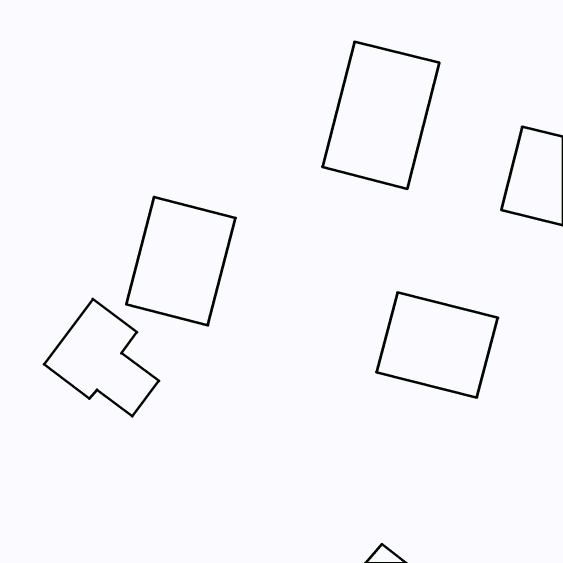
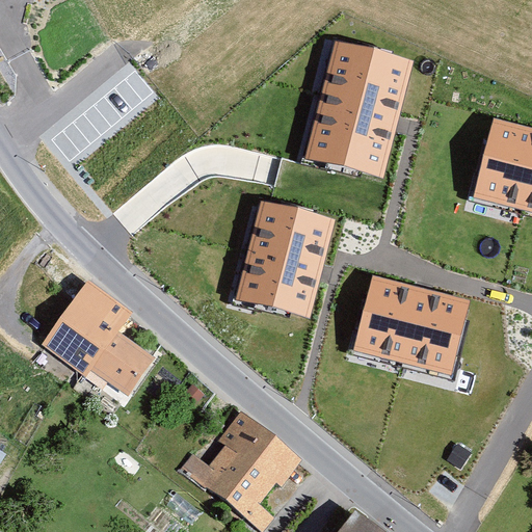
building: [126,197,236,325] -> [233,200,336,320]
building: none -> [186,414,298,526]

